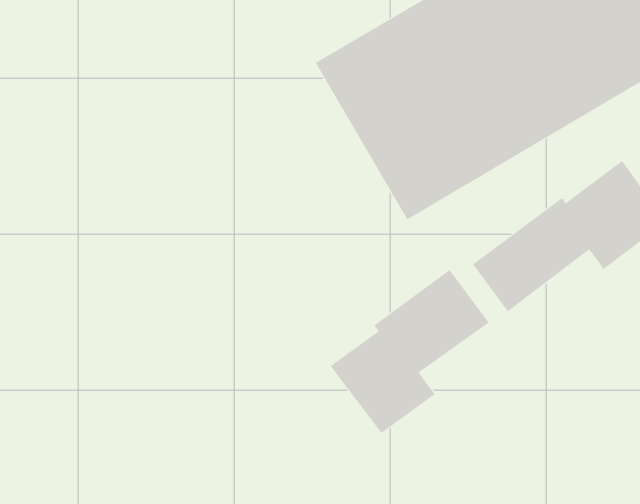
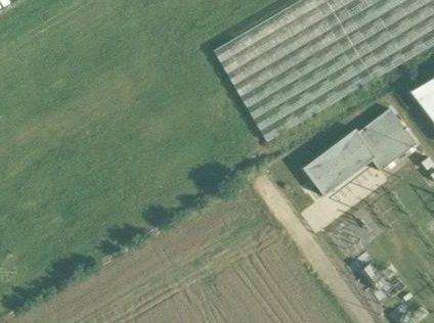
building: [330,269,489,434] -> none

